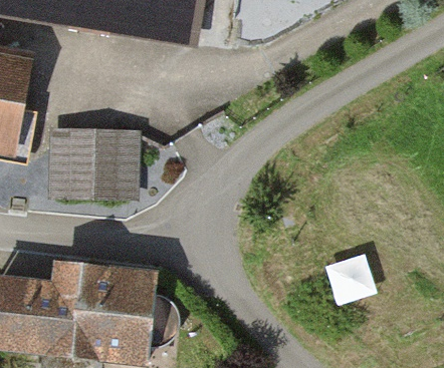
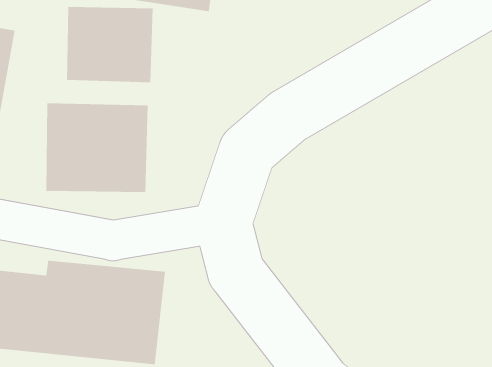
building: none -> [67,6,153,83]

